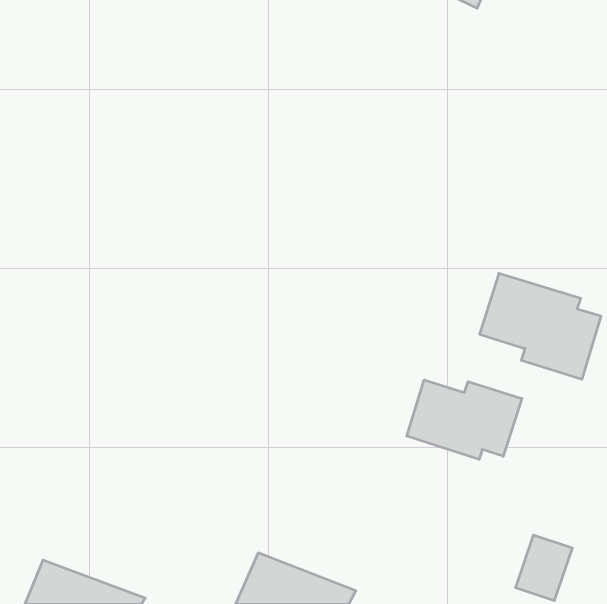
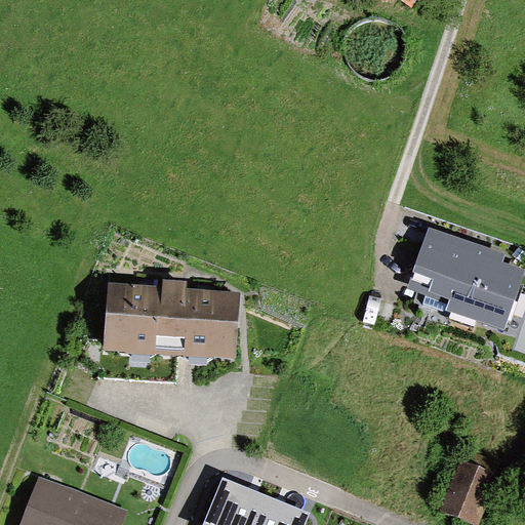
building: none -> [108,287,235,357]
building: [407,380,522,459] -> none

